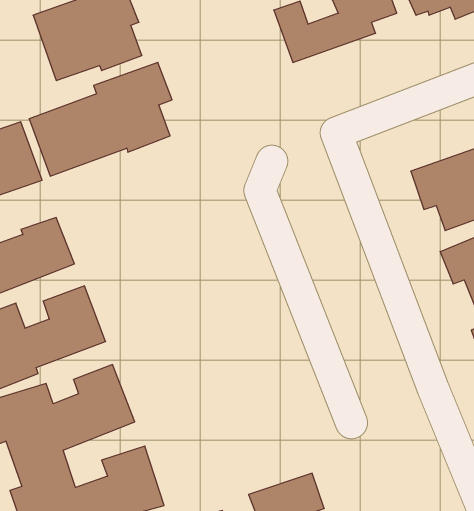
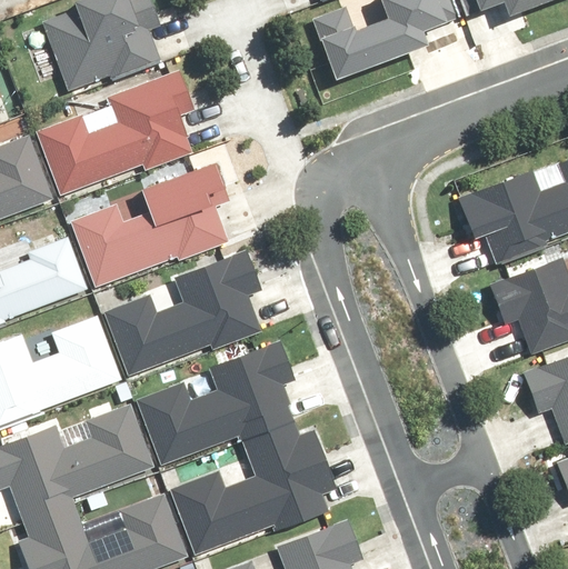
building: none -> [71,167,232,287]
building: none -> [103,254,262,375]
building: none -> [138,341,338,552]

